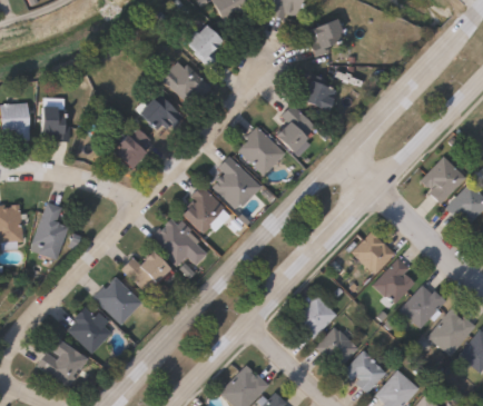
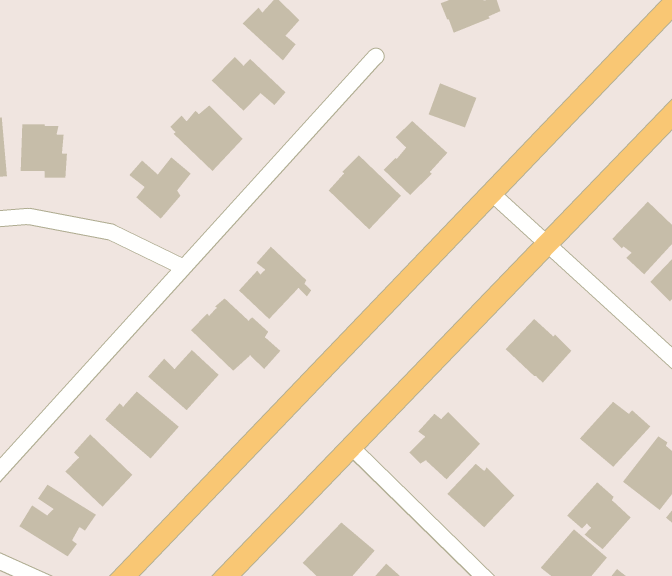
building: [214,156,263,211] -> none
building: [32,202,70,260] -> none
building: [374,259,416,305] -> none
building: [344,348,386,393] -> [566,481,632,550]

